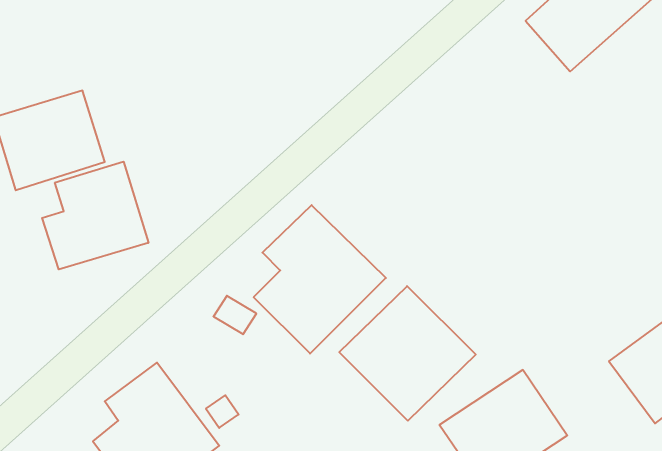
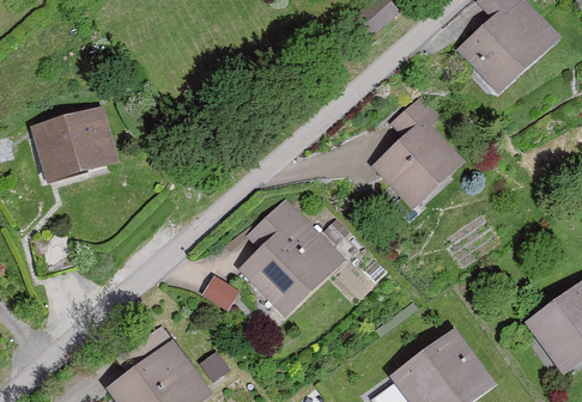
building: none -> [371,97,460,206]
building: [42,162,148,269] -> none
building: [339,286,476,421] -> none

